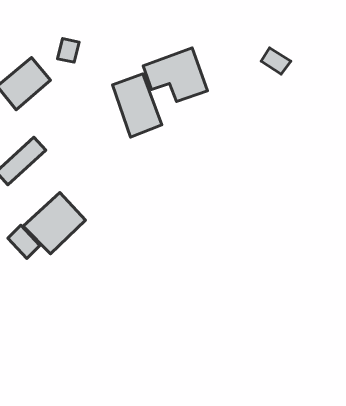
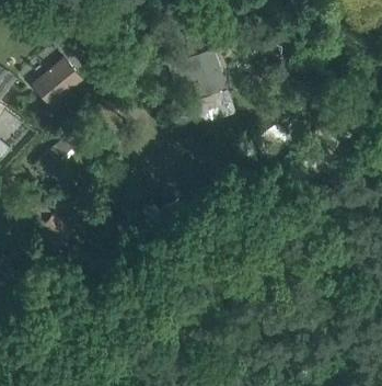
building: [112,74,162,137] -> none
building: [23,193,85,254] -> none

